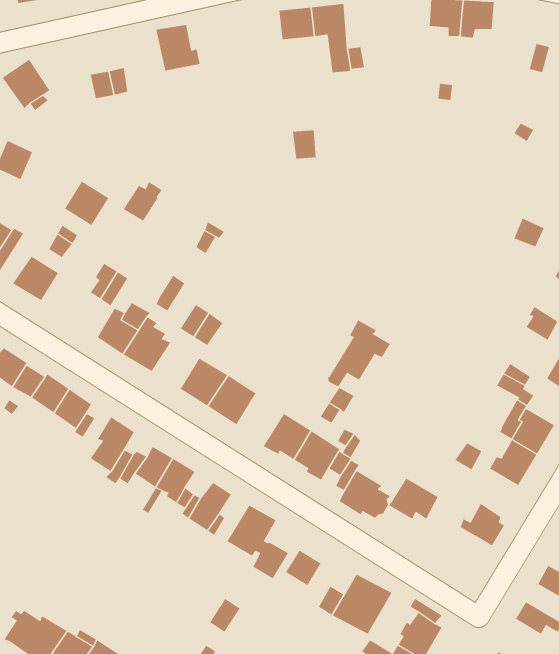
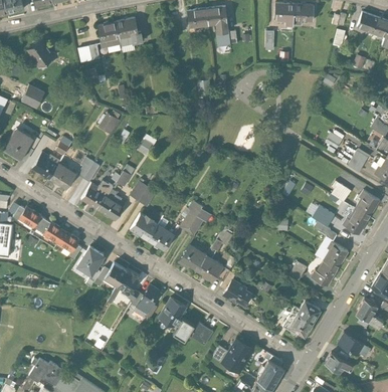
building: none -> [98,21,122,48]
building: [64,181,109,226] -> [50,163,76,189]
building: [327,320,391,387] -> [175,200,212,239]
building: [388,478,439,519] -> [283,311,313,335]

